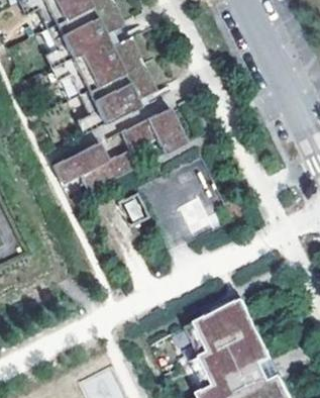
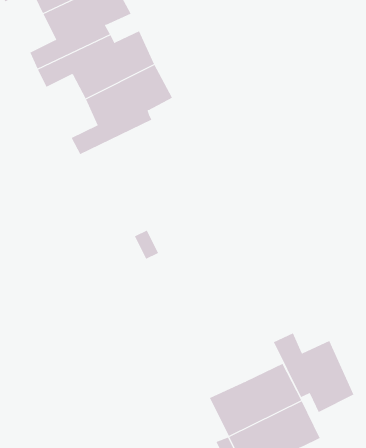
building: [55,105,187,190] -> none
building: none -> [273,332,354,413]

